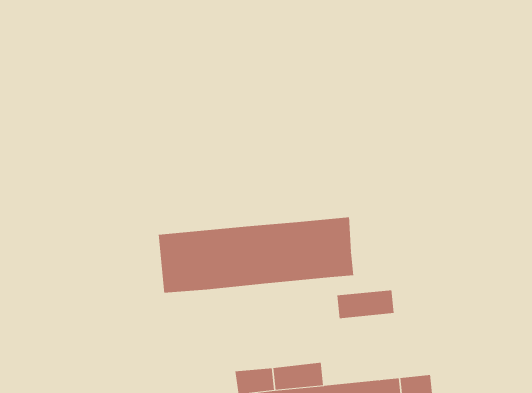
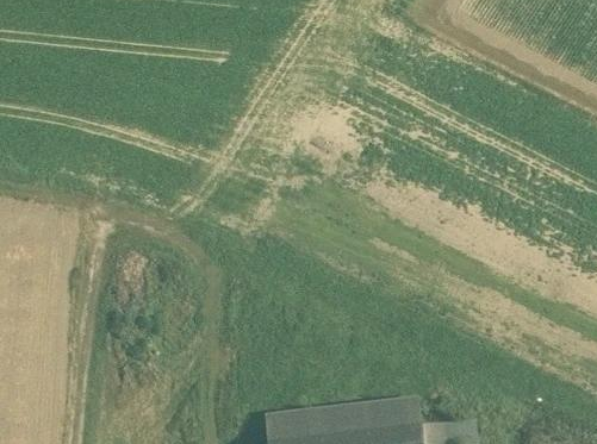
building: [158,217,354,293] -> none
building: [337,290,395,319] -> [357,396,419,427]

